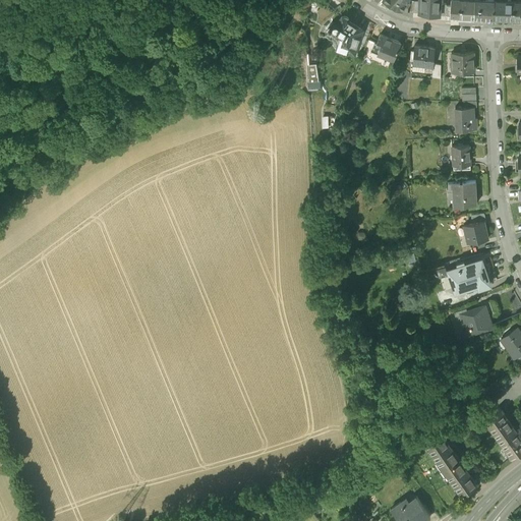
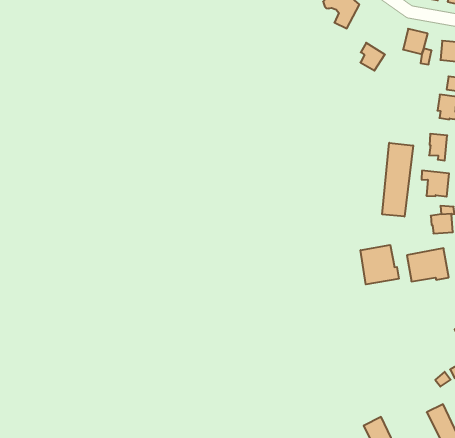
building: [375,34,400,60] -> [360,43,385,71]
building: none -> [382,143,413,217]
building: none -> [361,245,399,284]
building: [458,307,493,336] -> none

